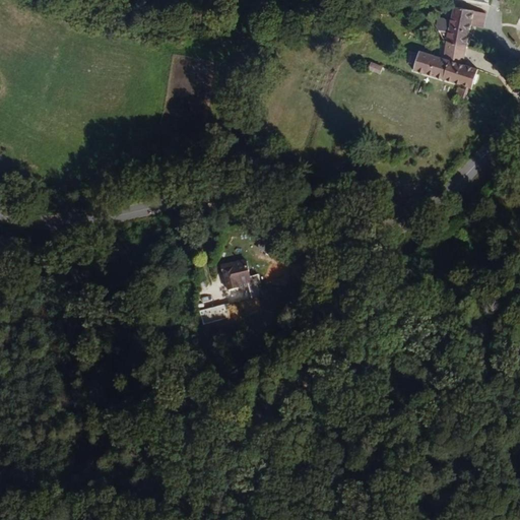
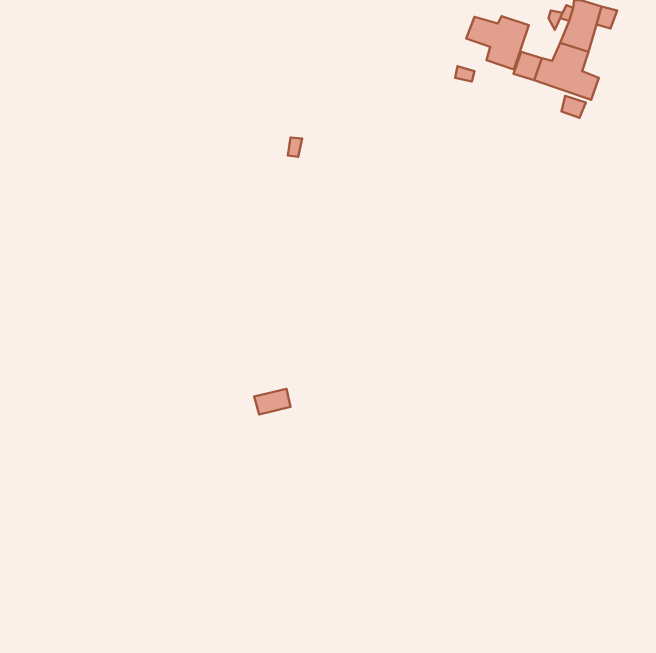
building: none -> [466,16,529,69]
building: [225,266,255,299] -> none

